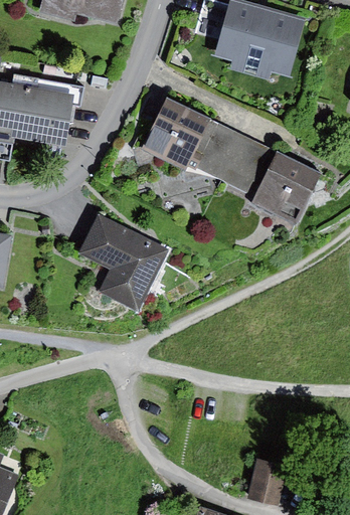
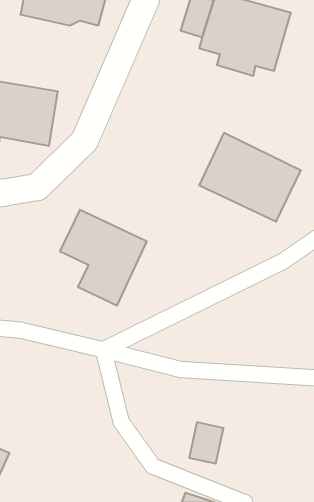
building: [141,99,244,189] -> none
building: [249,459,285,501] -> [189,422,224,464]

